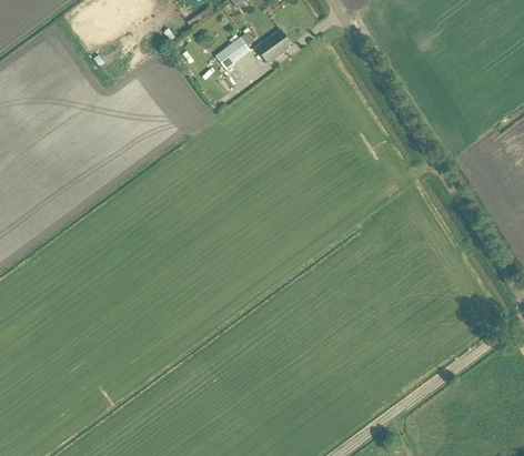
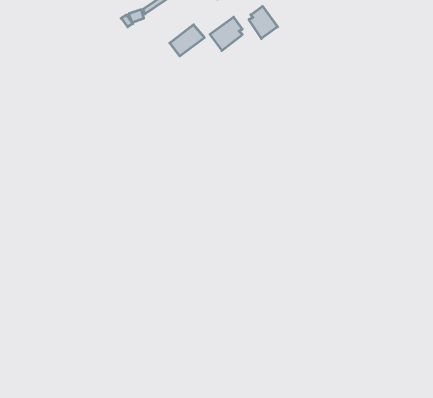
building: none -> [249,6,278,39]

